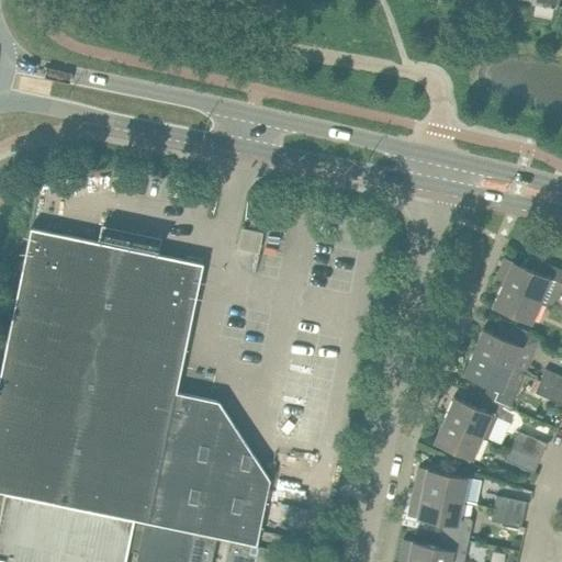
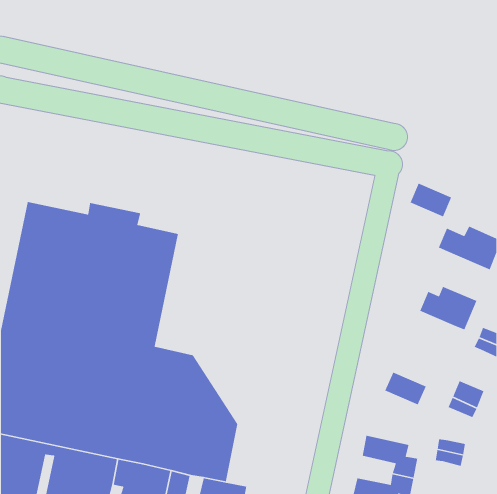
building: [492,286,540,326] -> [409,182,452,217]
building: [463,355,512,394] -> none
building: [443,398,503,441] -> none
building: [413,469,482,506] -> none

